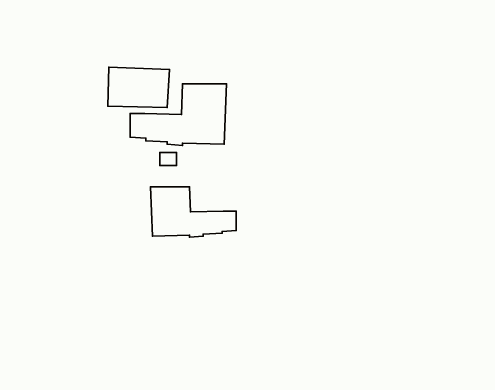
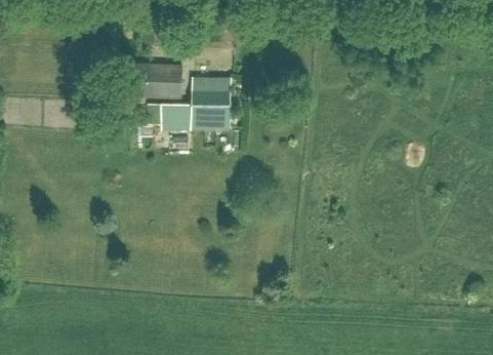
building: [150,187,236,237] -> none

